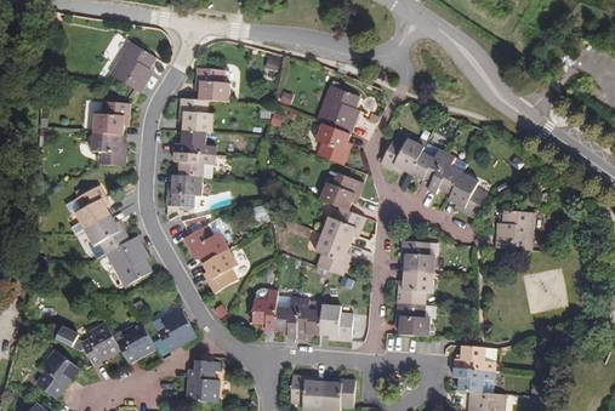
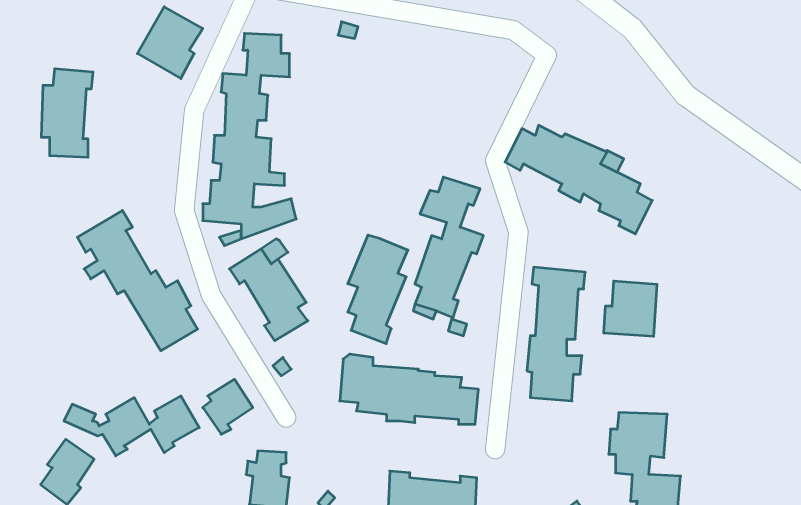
building: [309,78,353,156] -> [348,235,408,344]
building: [93,105,131,170] -> [41,69,93,157]
building: [494,200,533,240] -> [604,281,657,336]

